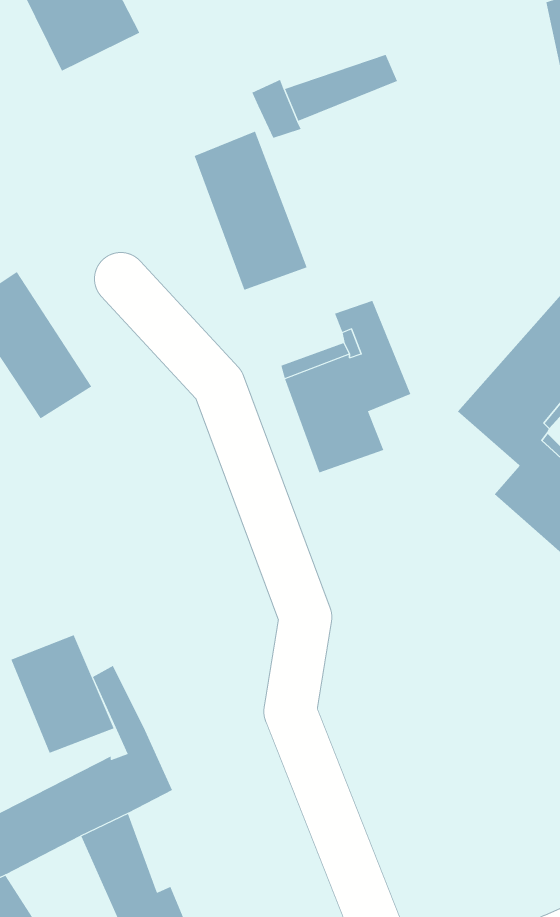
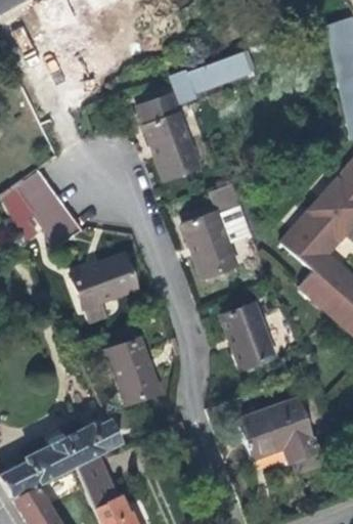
building: none -> [73,254,138,307]
building: none -> [227,305,278,368]
building: [11,634,114,754] -> [108,339,164,402]
building: none -> [233,405,314,471]

